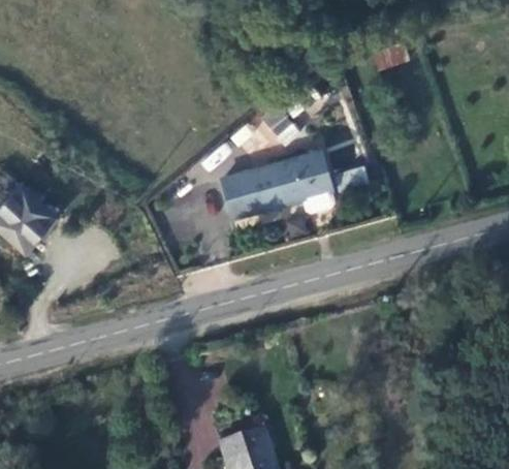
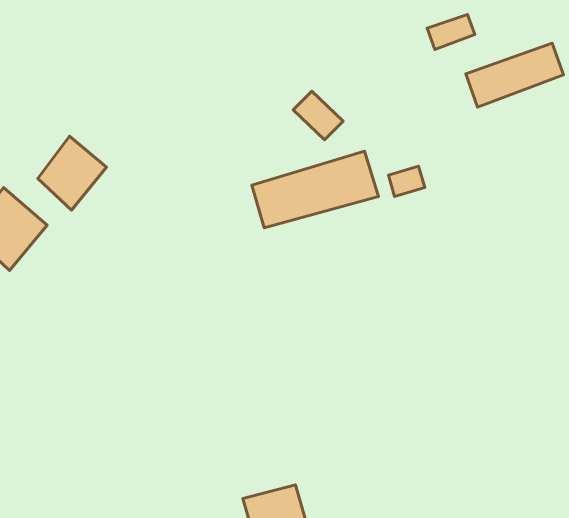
building: none -> [466,43,563,107]
building: none -> [38,136,107,210]

